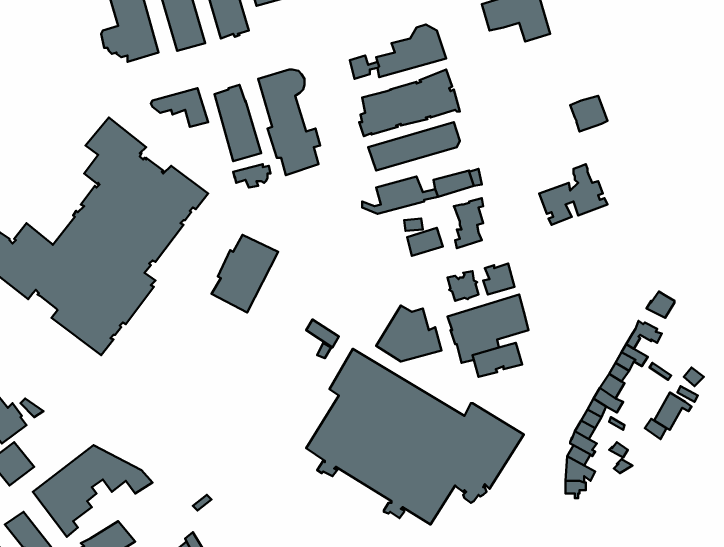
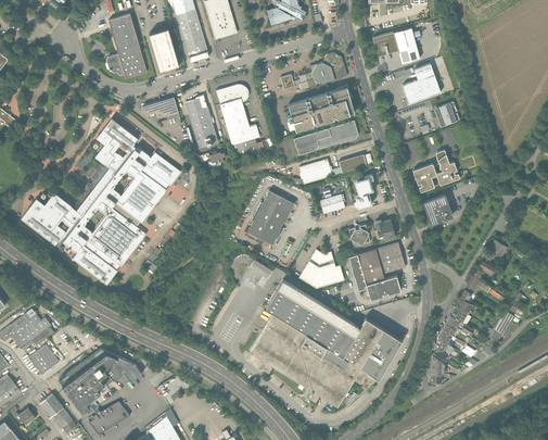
building: none -> [402,63,441,103]
building: none -> [424,194,451,224]
building: [212,235,278,312] -> [247,190,294,244]

